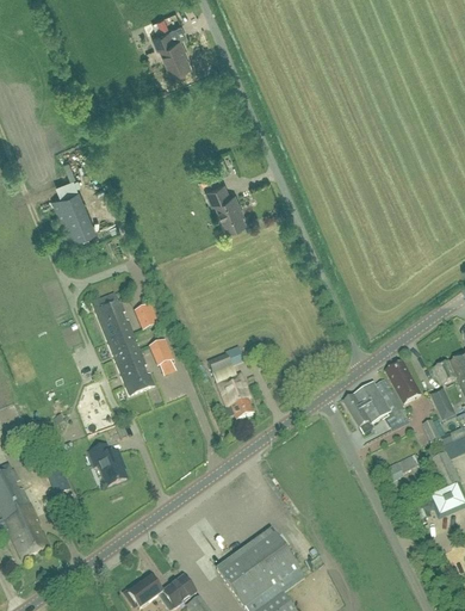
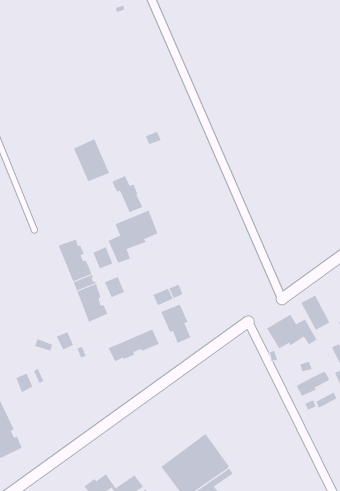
building: [151,25,188,70] -> none
building: [205,180,243,226] -> [111,175,143,213]
building: [50,184,94,236] -> [73,139,110,182]
building: none -> [108,210,158,263]
building: none -> [108,329,159,362]
building: [88,444,125,485] -> none

